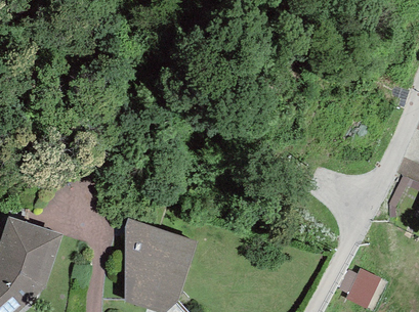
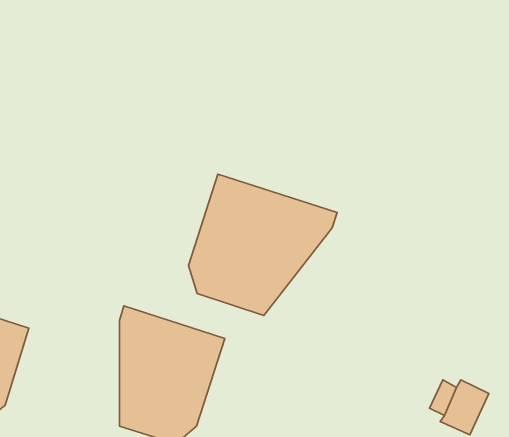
building: none -> [189,174,337,315]

